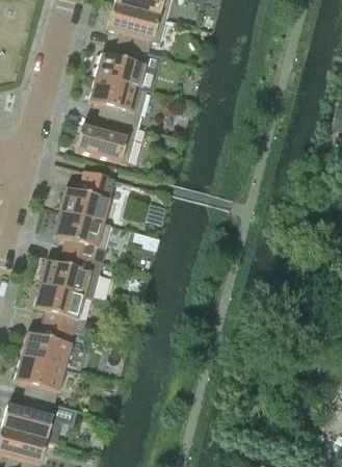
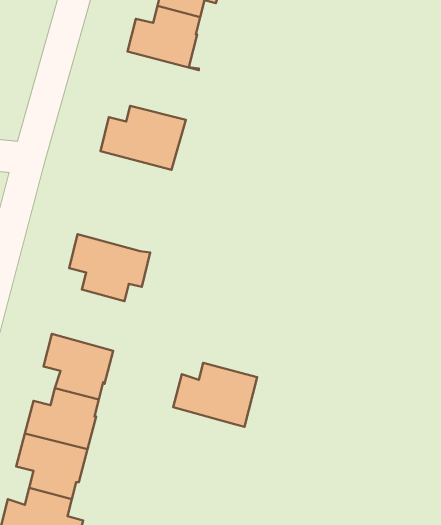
building: [88,77,148,127] -> none
building: [59,170,115,223] -> none
building: [41,251,102,297] -> [173,363,257,427]

